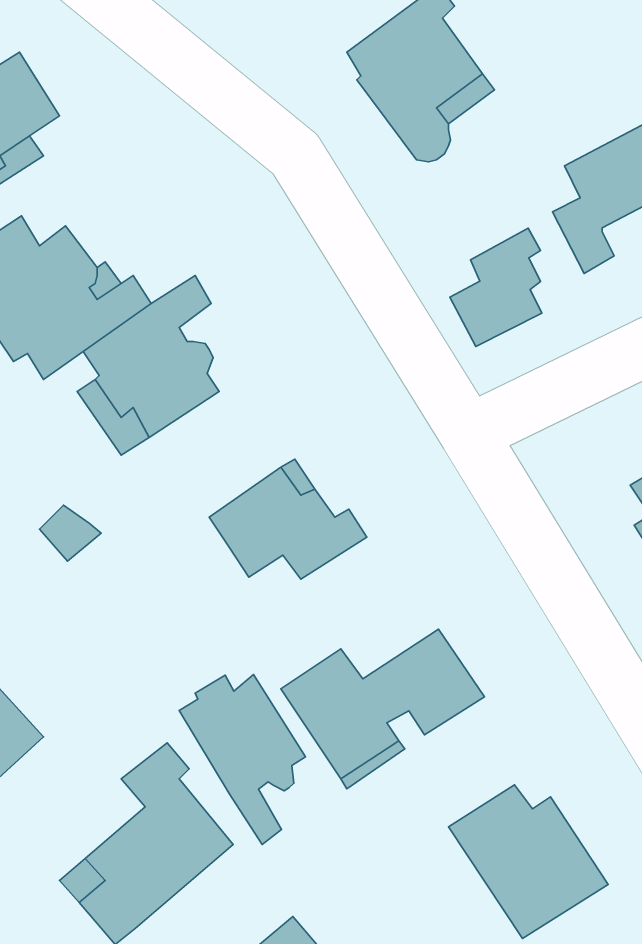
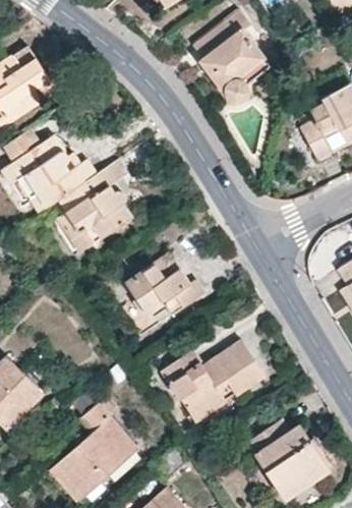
building: [450,228,542,346] -> none
building: [179,674,306,845] -> none

